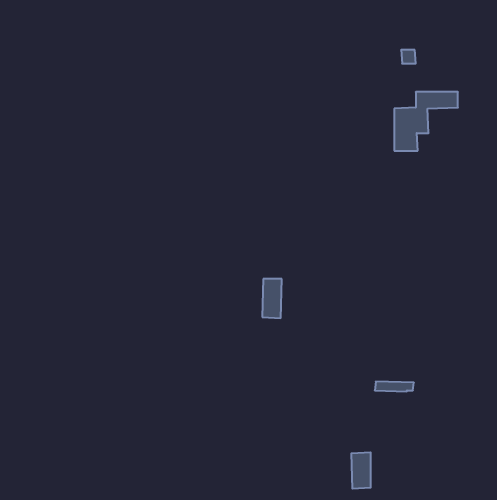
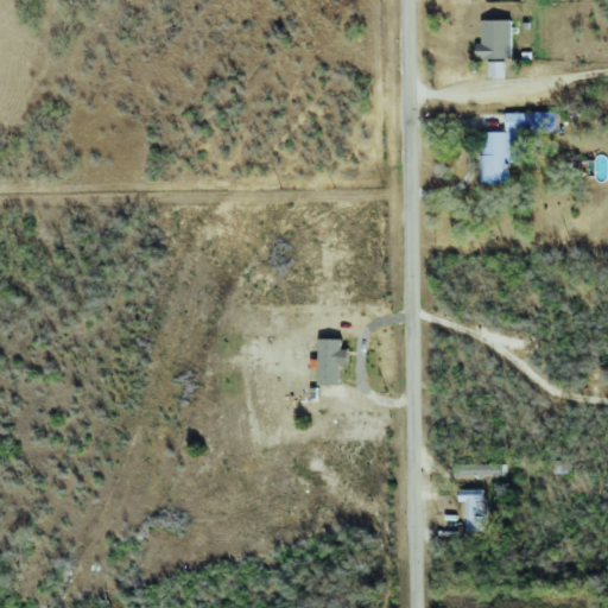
building: none -> [479,19,512,58]
building: [351,452,371,489] -> [462,488,486,532]

